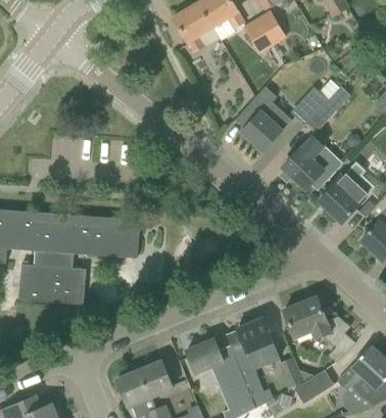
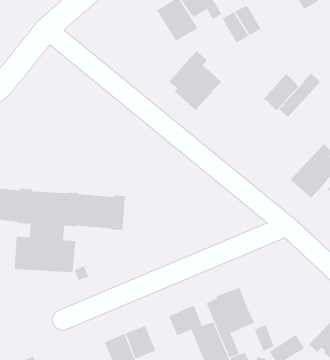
building: [234,87,292,152] -> [168,51,222,111]
building: [282,135,342,190] -> none
building: [284,296,355,363] -> none

